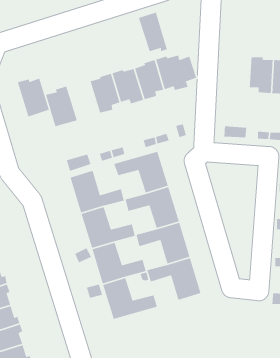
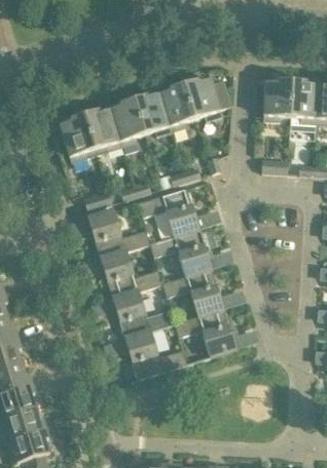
building: [138,12,168,52] -> none
building: none -> [263,79,292,120]
building: [17,77,50,117] -> [84,108,121,153]

